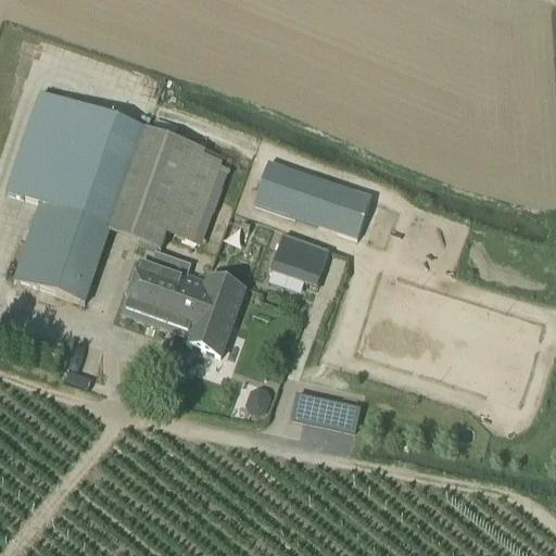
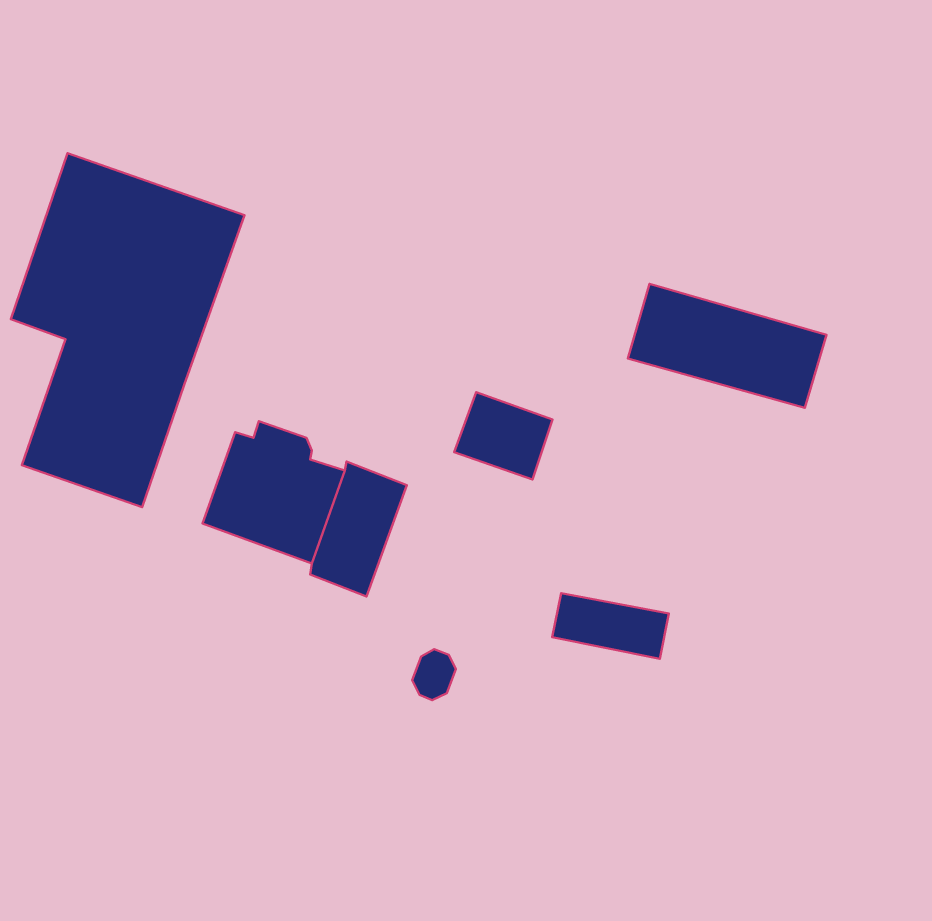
building: [110,128,231,249] -> none
building: [255,160,374,233] -> [628,284,827,408]
building: [292,391,362,430] -> [552,593,669,659]

